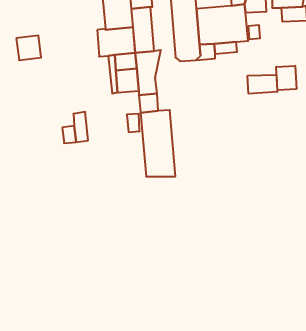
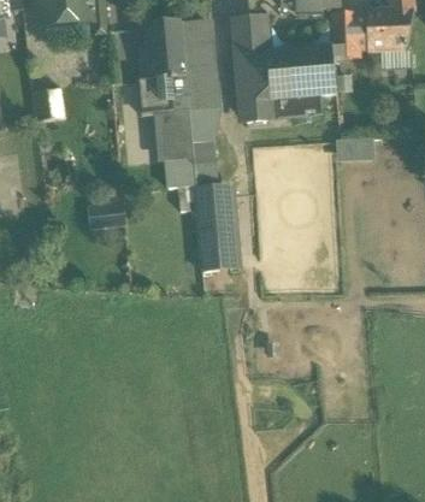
building: [276,66,296,90] -> none
building: none -> [163,158,195,188]

